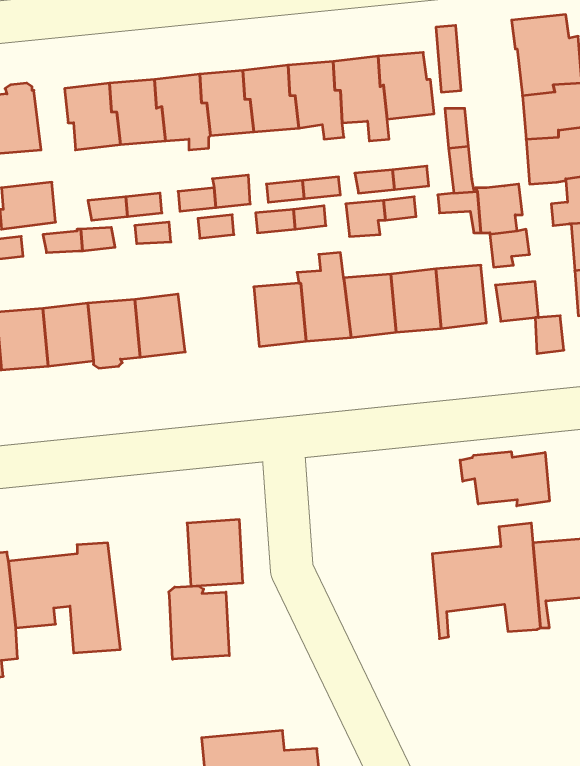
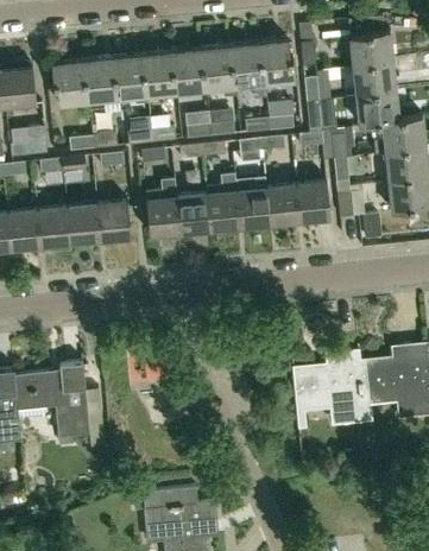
building: none -> [145,178,181,236]
building: [460,452,549,506] -> none
building: [169,586,229,659] -> none

